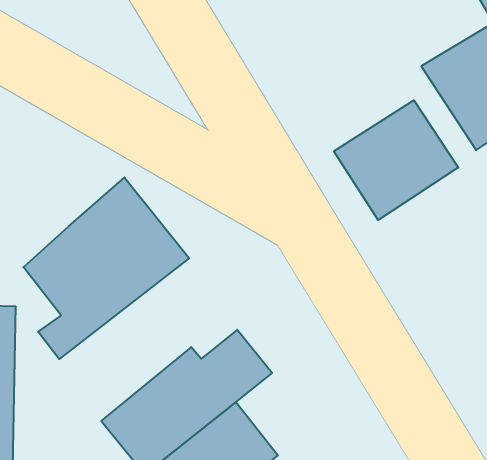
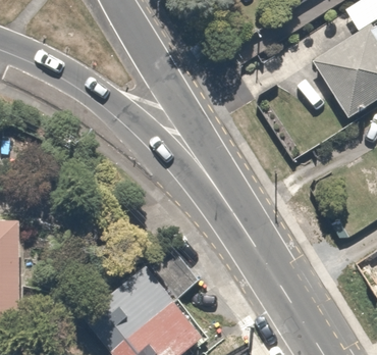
building: [334,100,458,220] -> none
building: [23,177,189,359] -> none

